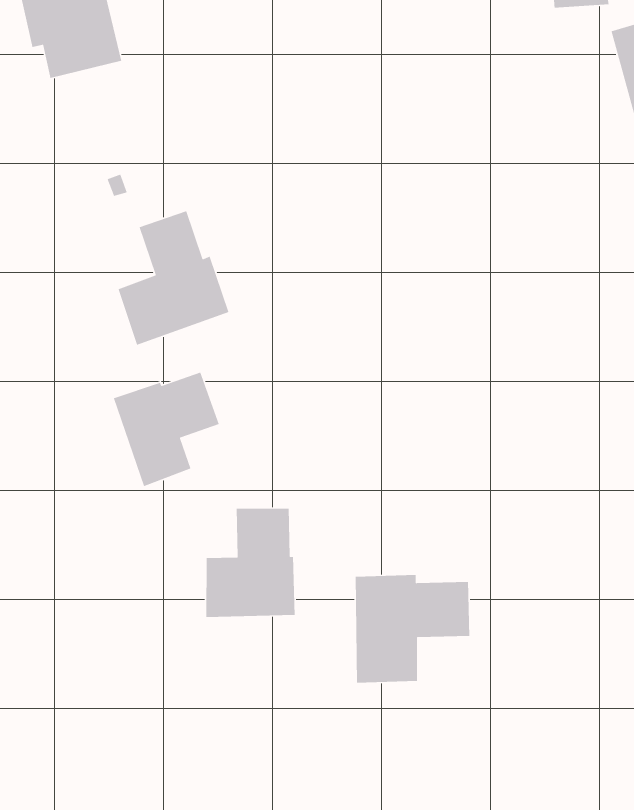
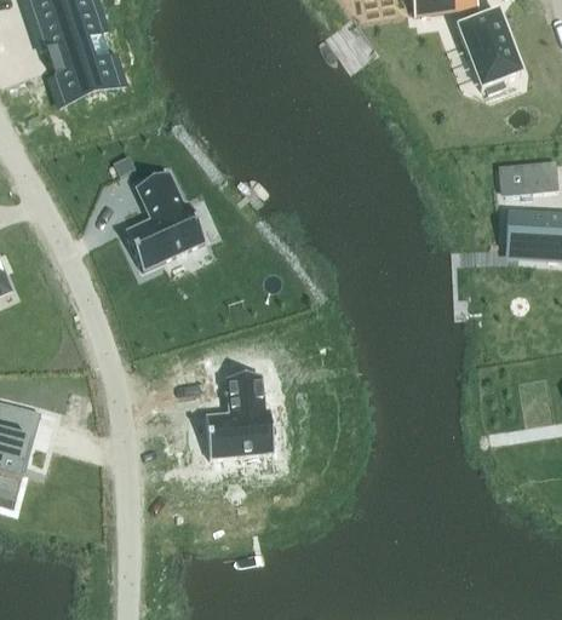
building: [113,371,220,487] -> none
building: [355,574,470,684] -> none

